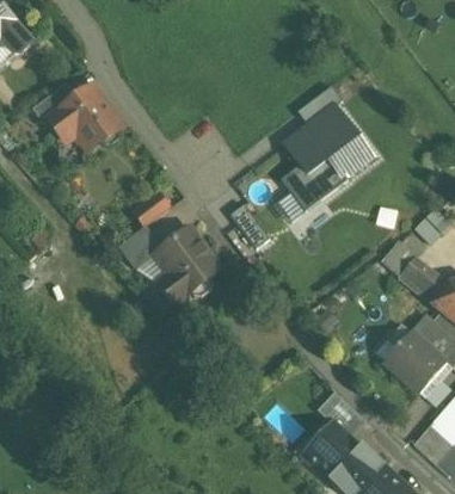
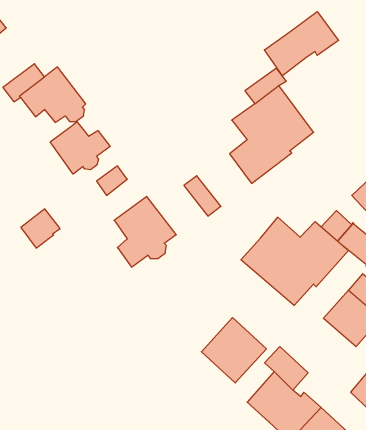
building: none -> [264,12,339,76]
building: none -> [50,122,110,174]
building: [119,227,162,270] -> [21,209,60,248]
building: none -> [241,217,348,306]
building: none -> [201,318,266,383]

